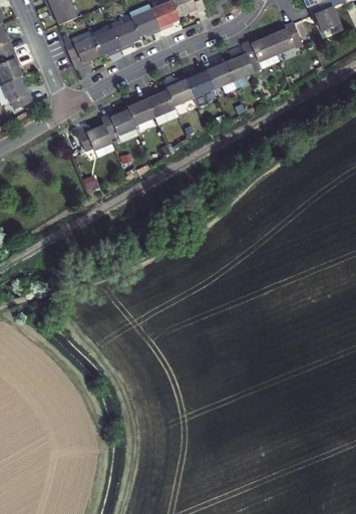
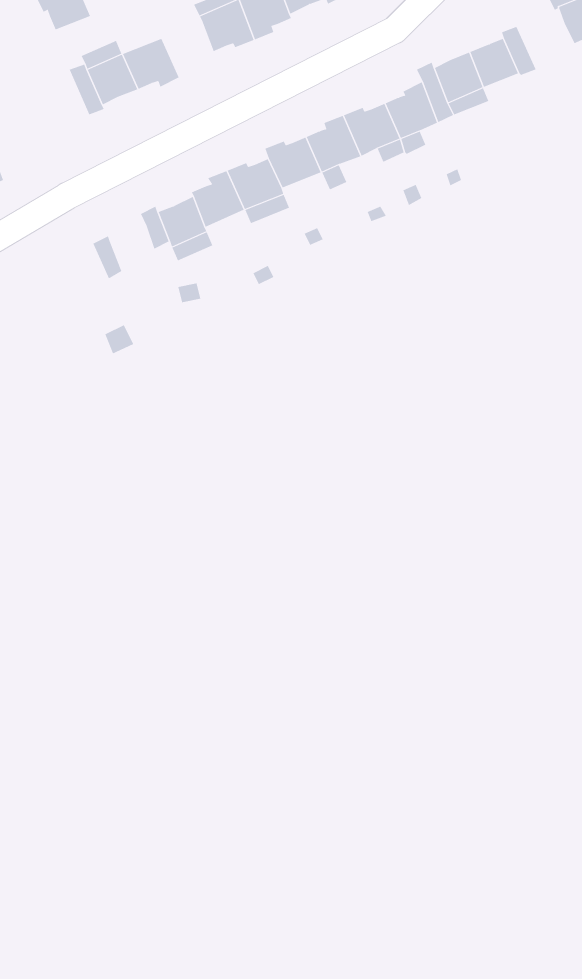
building: [113,19,141,48] -> none
building: [87,123,112,150] -> none

